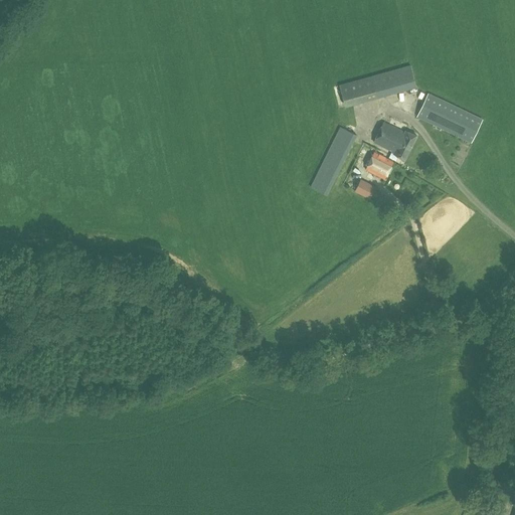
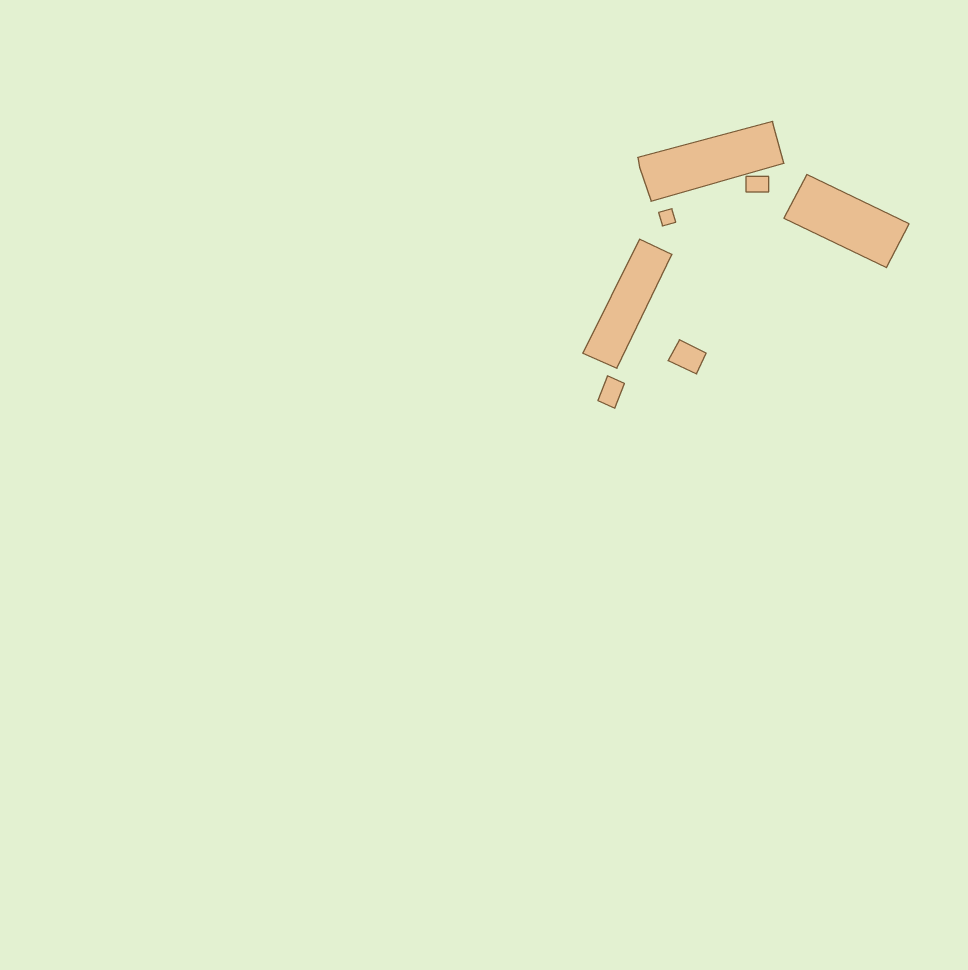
building: [373,122,415,159] -> none
building: [365,152,392,179] -> none

